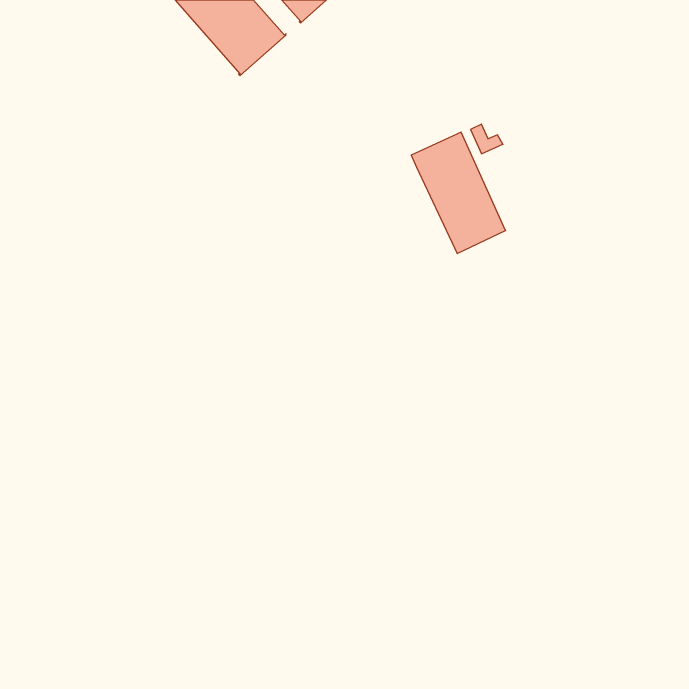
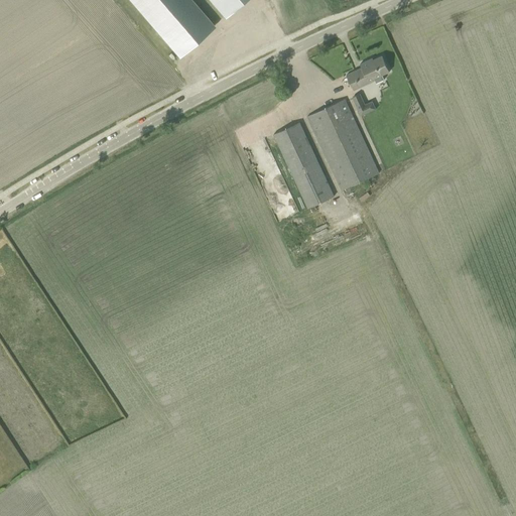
building: none -> [347,55,389,91]
building: none -> [273,122,334,208]

